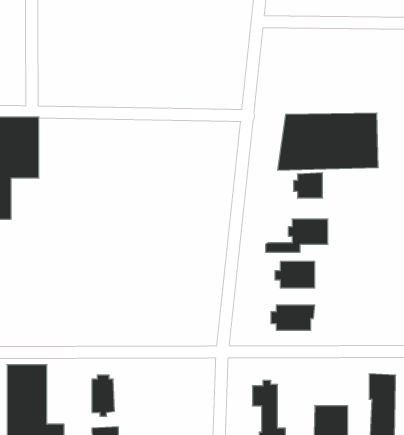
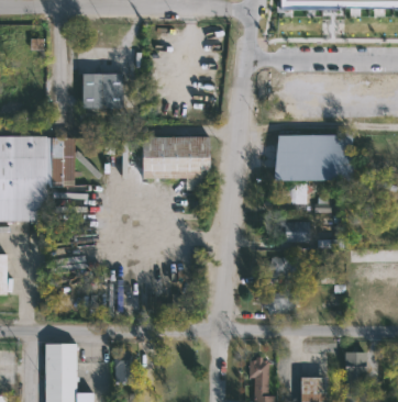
building: none -> [79,72,121,107]
building: none -> [141,135,208,178]

